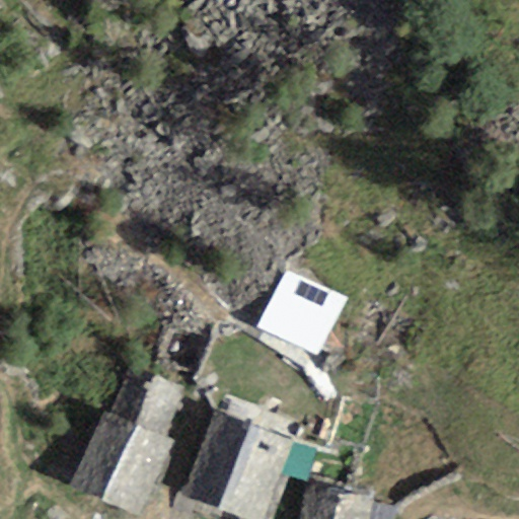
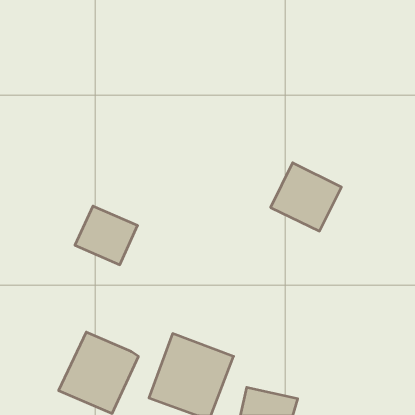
building: [257,271,346,356] -> [271,163,341,231]
building: [108,366,187,439] -> [75,206,138,265]

